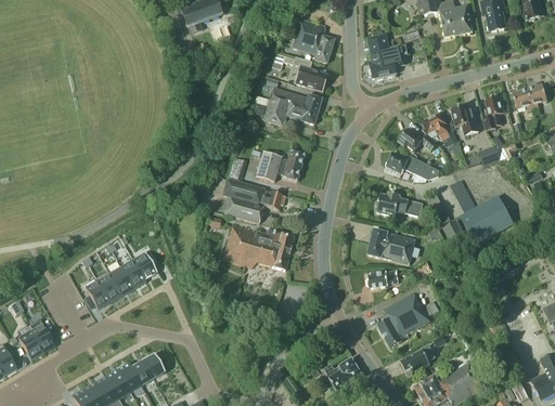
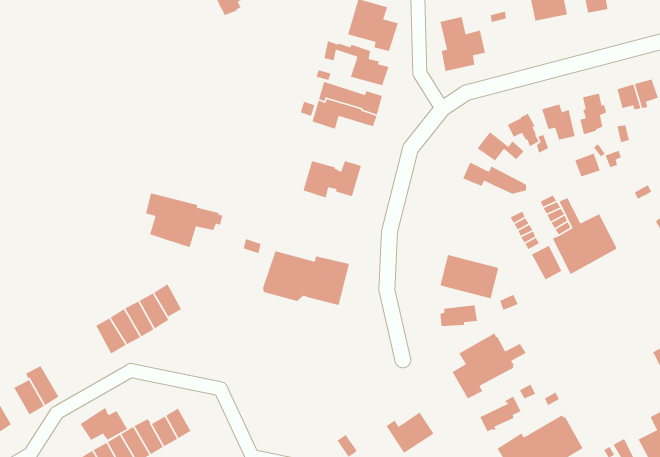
building: [221,178,285,223] -> [145,193,223,248]
building: [376,191,423,215] -> none
building: none -> [80,407,128,441]

